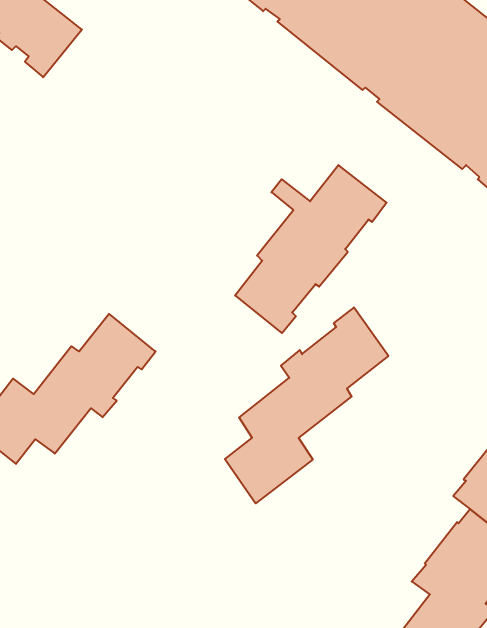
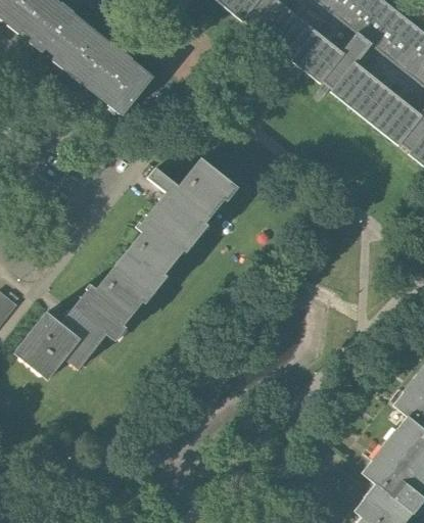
building: none -> [68,35,152,115]
building: [235,165,387,333] -> [121,156,240,289]
building: [225,307,388,503] -> none

